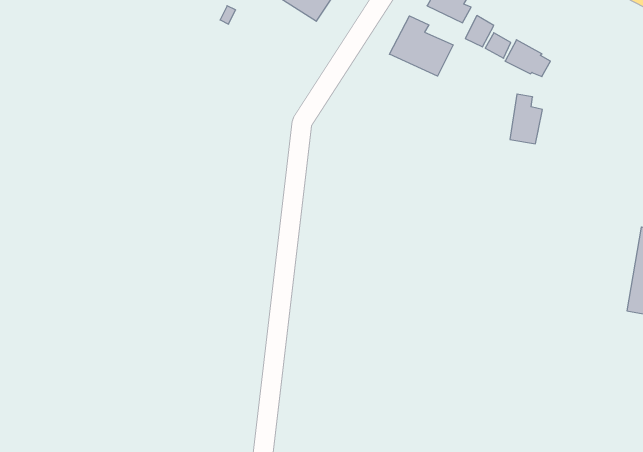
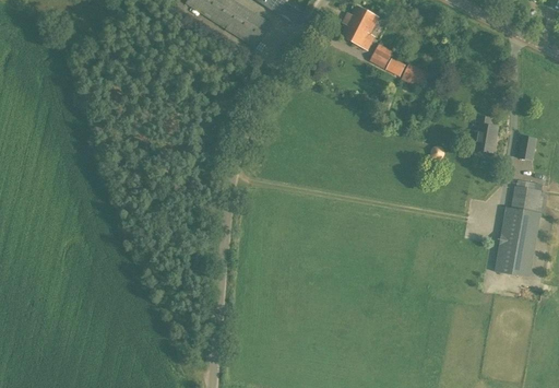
building: [389,16,453,76] -> none
building: [510,94,542,144] -> [473,116,498,154]

